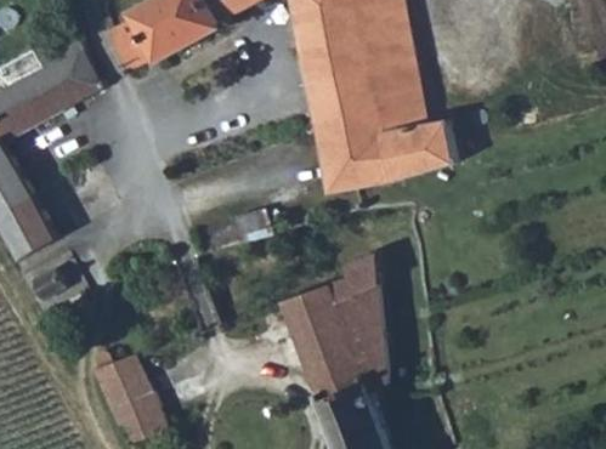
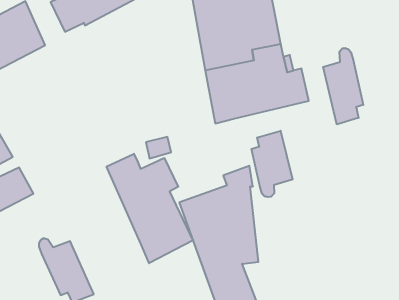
building: none -> [323,48,363,124]
building: none -> [251,131,292,197]
building: none -> [107,154,193,263]

